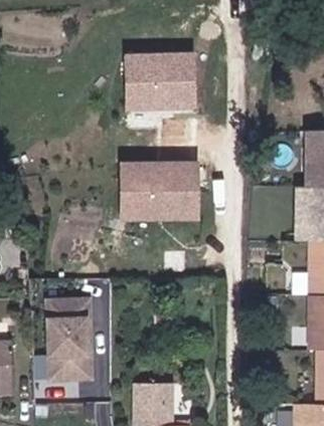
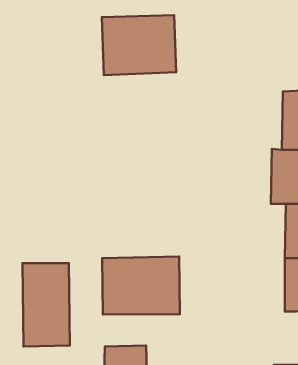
building: [119,163,200,221] -> none
building: none -> [102,257,180,315]

